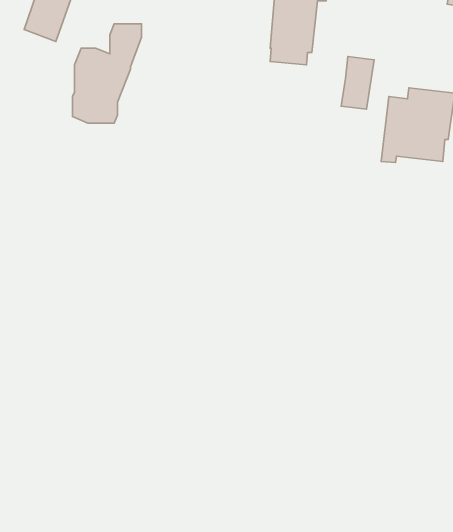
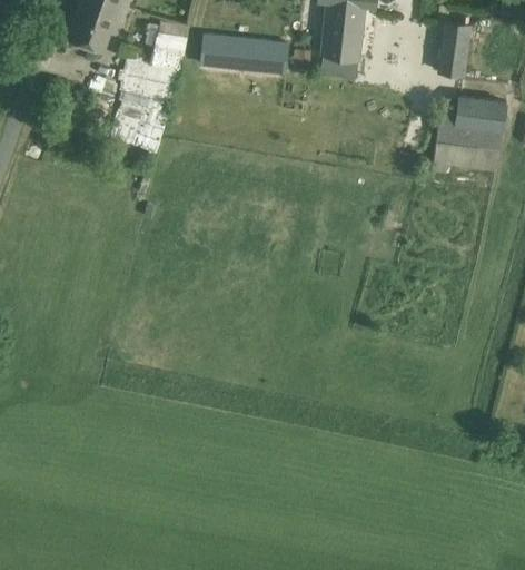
building: none -> [201,32,287,72]
building: [341,56,374,109] -> [437,21,470,75]

